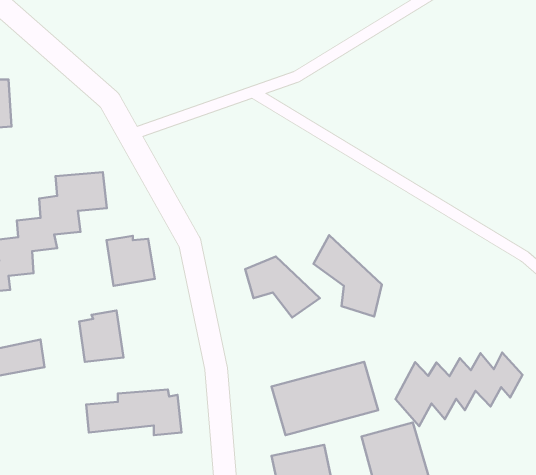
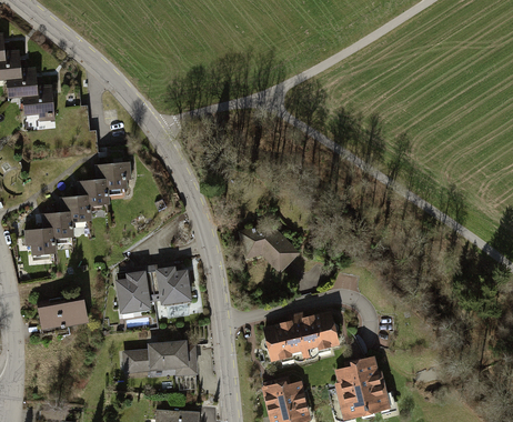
building: [314,235,382,317] -> none
building: [107,236,155,286] -> [148,264,187,304]
building: [396,353,523,426] -> none

